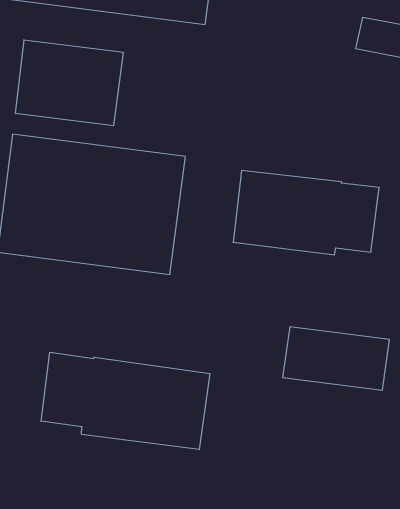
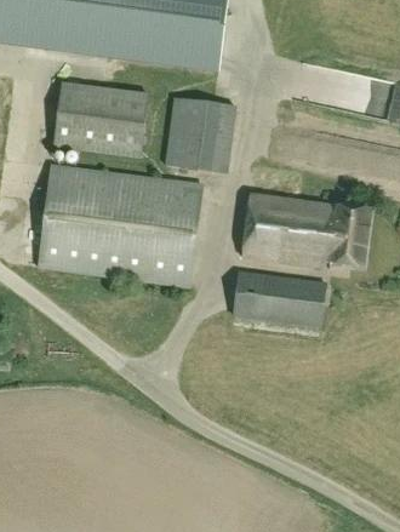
building: none -> [181,90,251,166]
building: [283,327,389,390] -> [232,273,324,327]
building: [41,352,210,450] -> none

